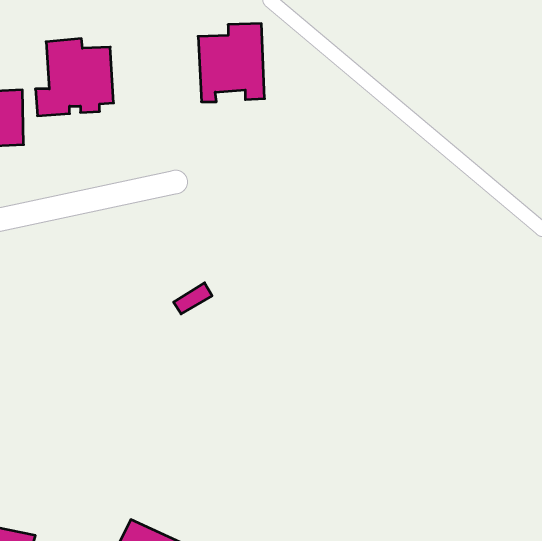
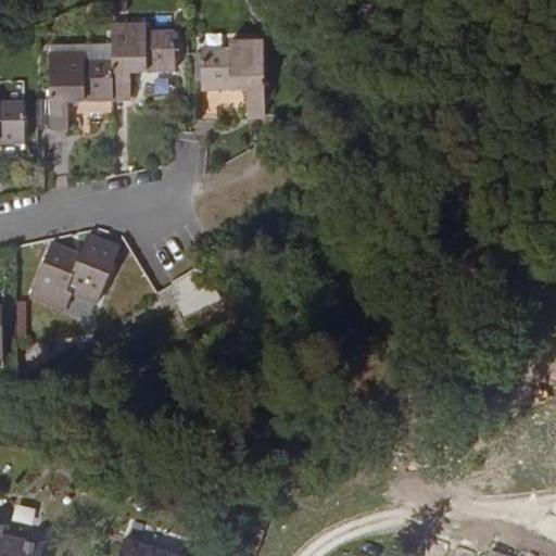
building: none -> [112,16,176,93]
building: none -> [26,240,112,318]

